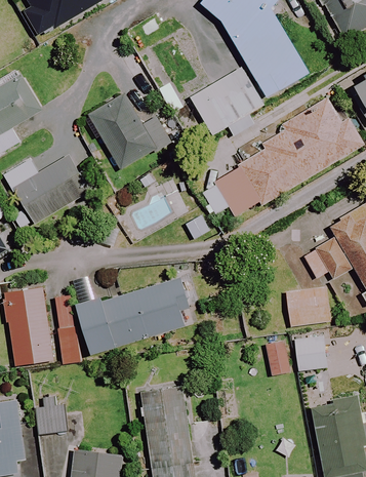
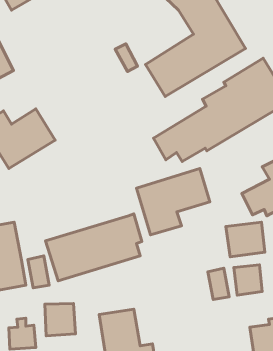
building: [90,94,169,169] -> none
building: none -> [137,168,210,235]
building: none -> [45,303,76,336]

